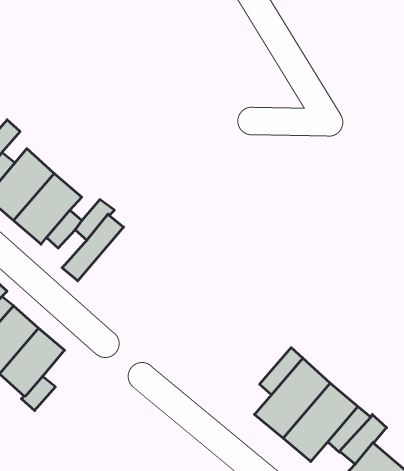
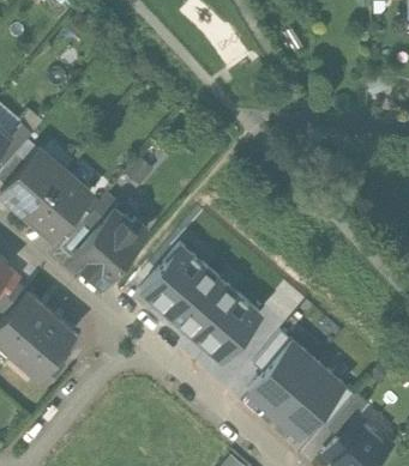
building: none -> [86,223,146,285]
building: none -> [142,247,261,359]

